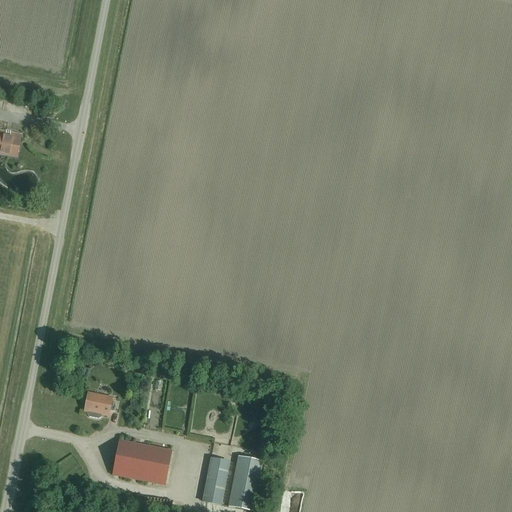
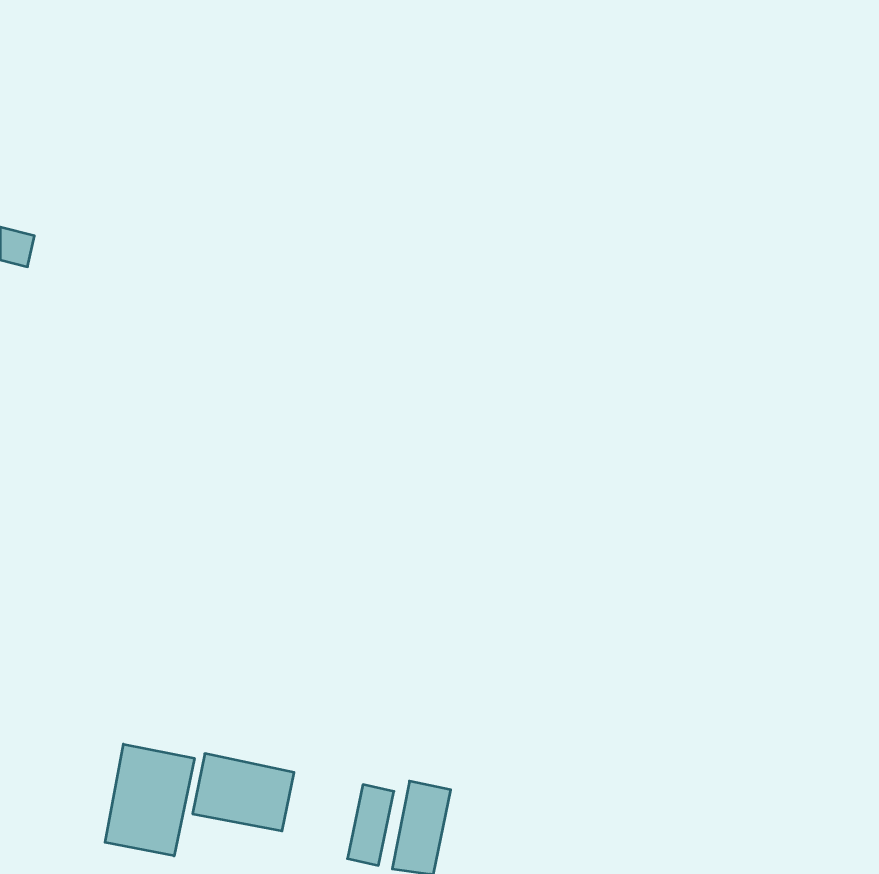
building: [84,391,115,414] -> none
building: none -> [105,744,194,856]

